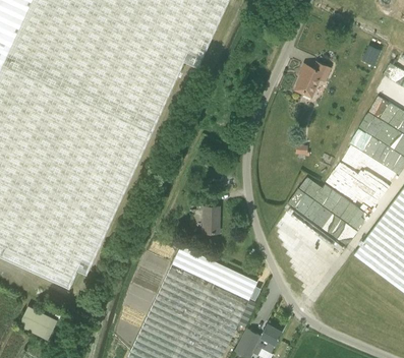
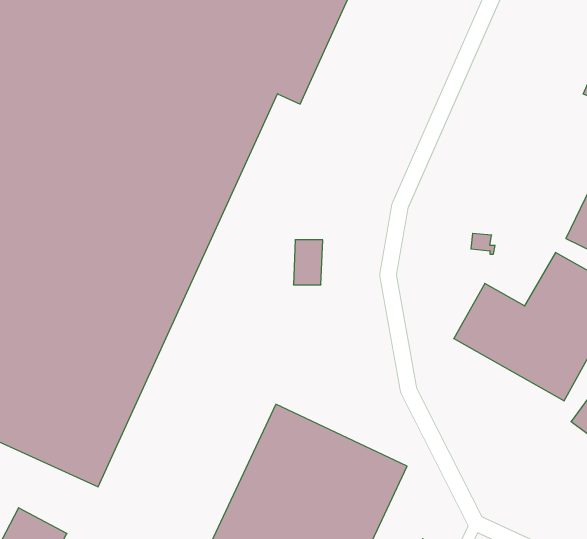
building: [295,62,330,97] -> none
building: [203,205,220,232] -> [293,240,323,285]

